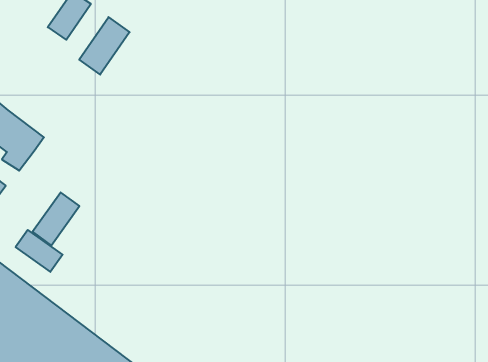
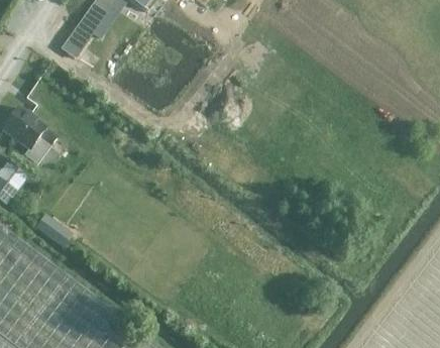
building: [79,17,130,75] -> none
building: [33,192,79,246] -> none

